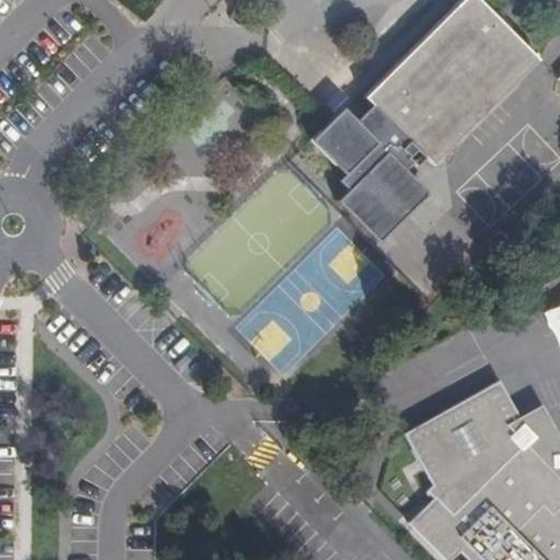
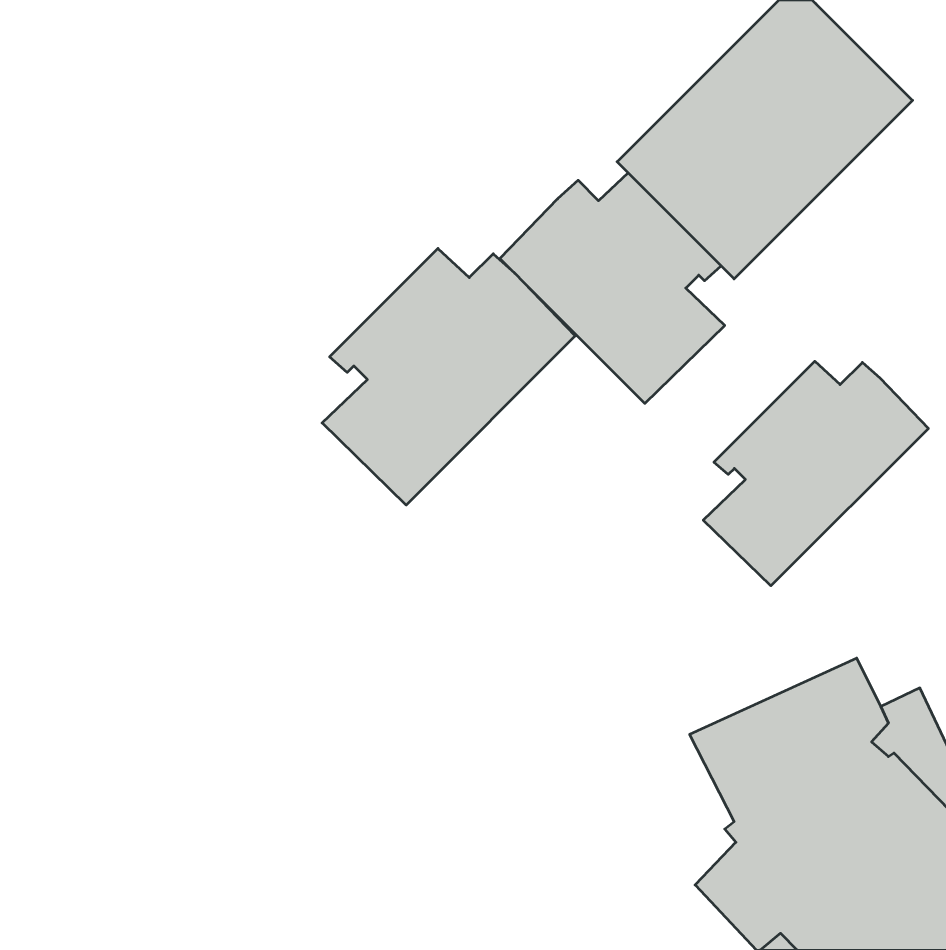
building: none -> [322,248,575,505]
building: none -> [703,361,928,586]

